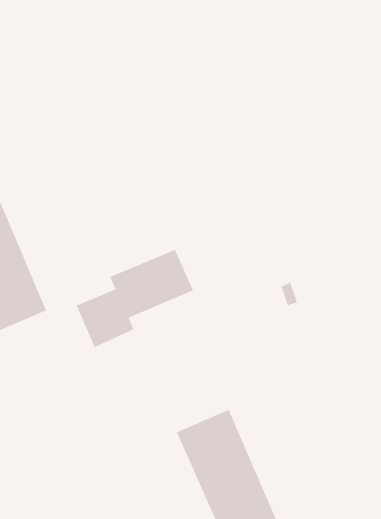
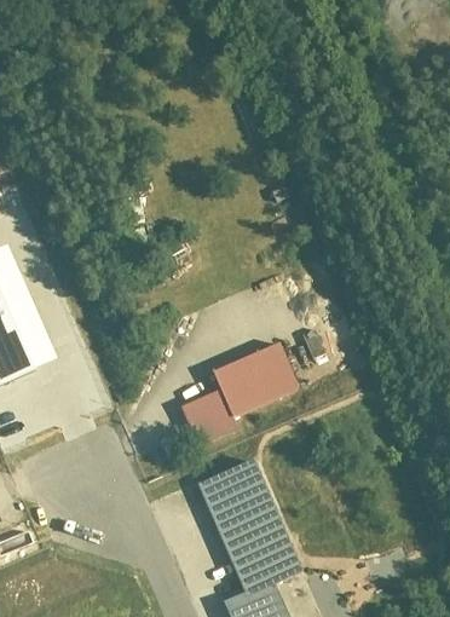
building: [76,249,194,348] -> [173,346,298,450]

